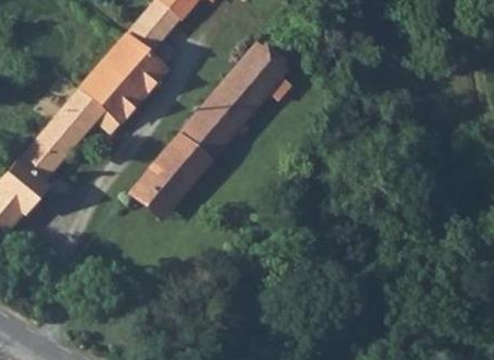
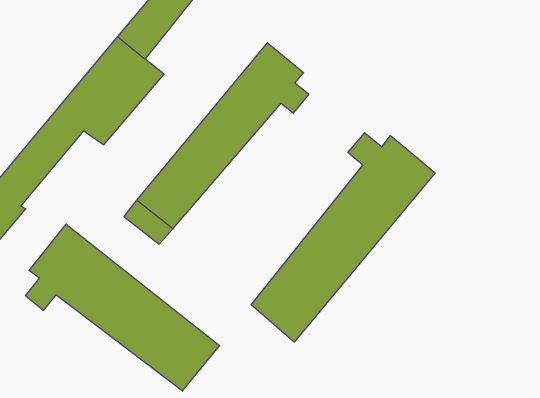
building: none -> [251,133,435,342]
building: none -> [25,224,219,391]

